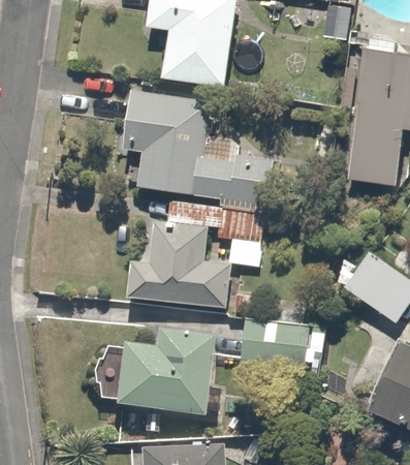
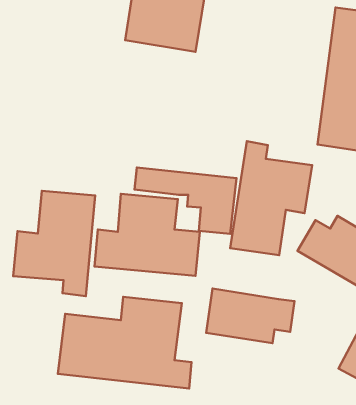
building: [120,85,271,205] -> none
building: none -> [230,141,312,255]
building: none -> [13,191,95,296]

